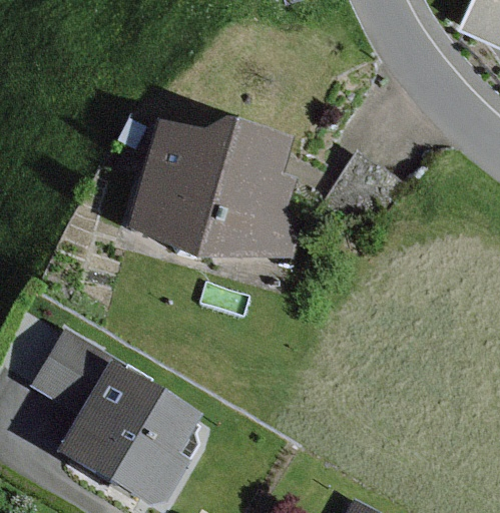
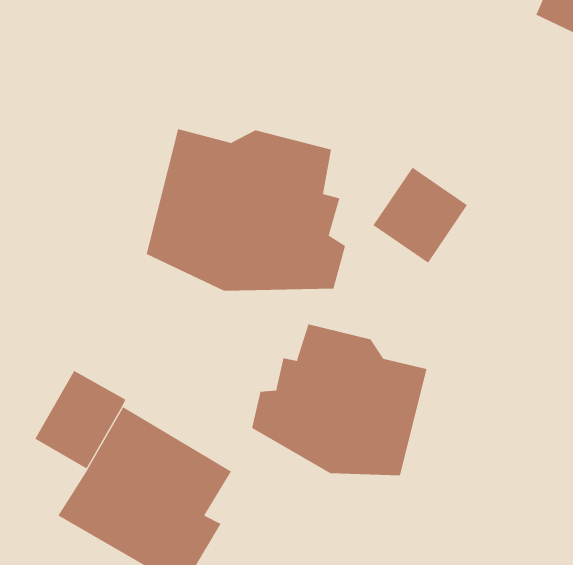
building: none -> [252,324,427,476]

